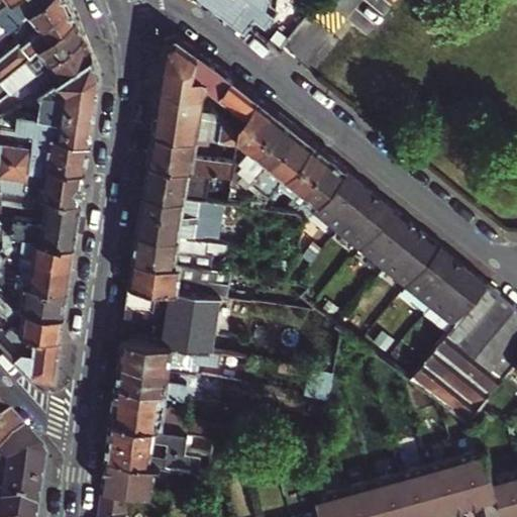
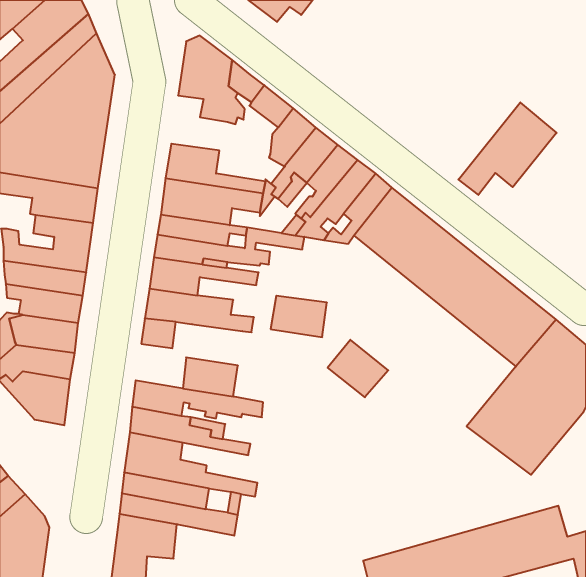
building: [150,93,239,147] -> none
building: none -> [458,102,557,195]
building: [164,294,213,330] -> [271,296,327,337]
building: none -> [328,340,388,397]

